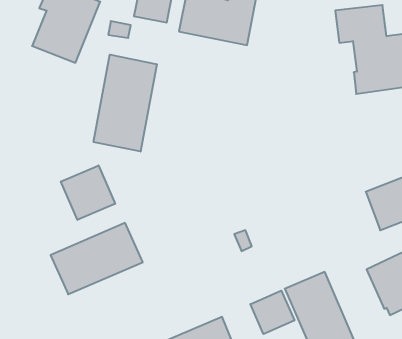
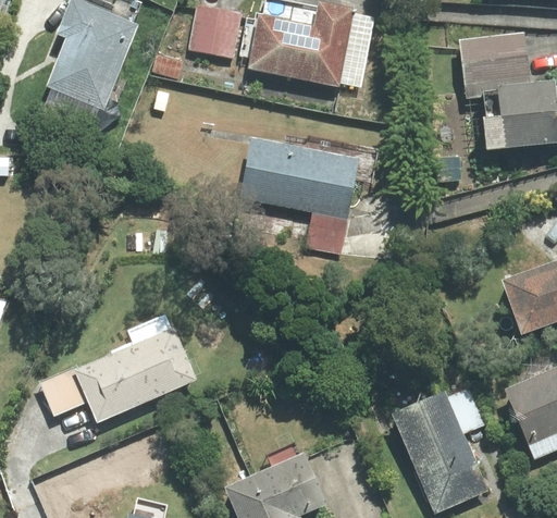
building: [94,55,157,152] -> none
building: none -> [242,138,360,244]
building: [61,165,115,220] -> none
building: [250,291,294,334] -> none

